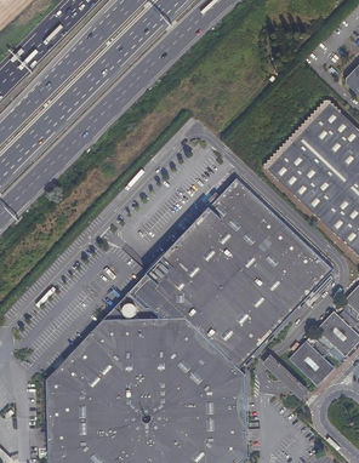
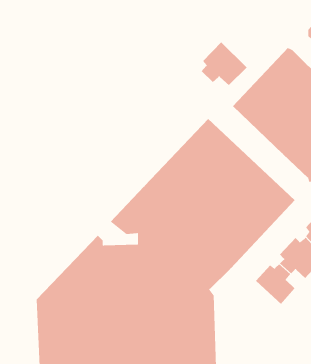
building: none -> [201,42,247,86]

